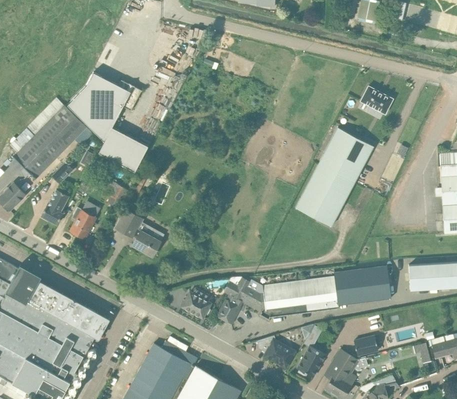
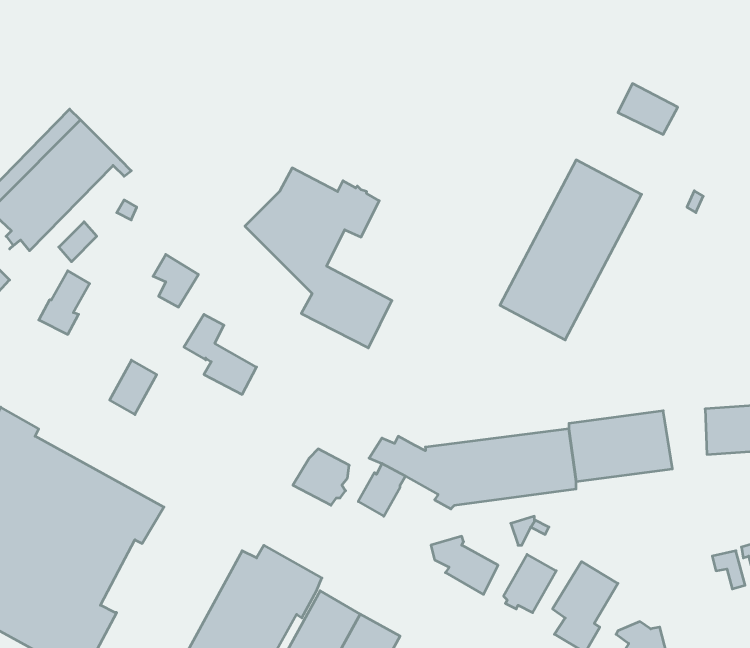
building: [67,73,148,172] -> [245,168,392,348]
building: [70,209,96,239] -> [110,360,157,415]
building: [354,335,379,357] -> none

